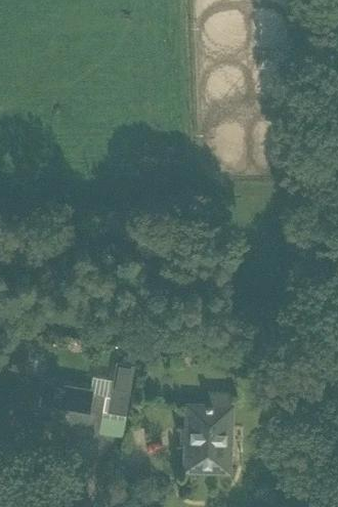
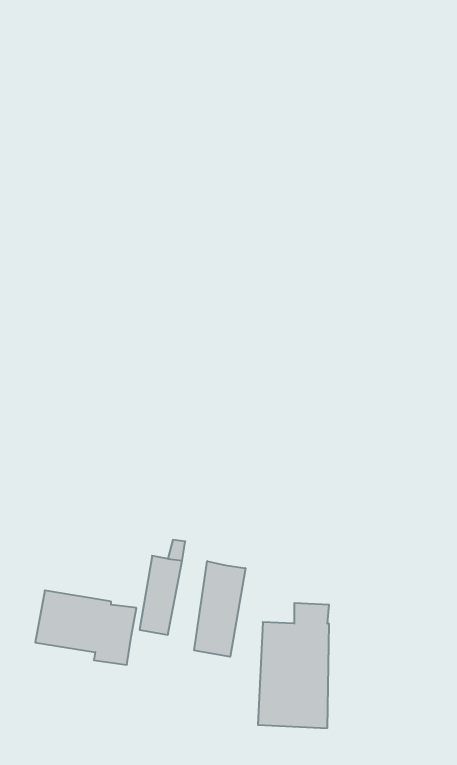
building: none -> [194,561,245,657]

